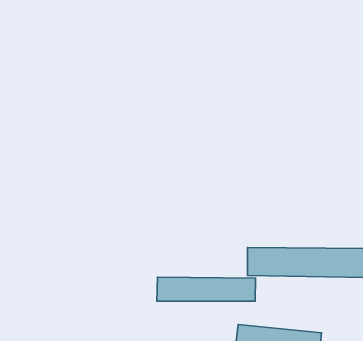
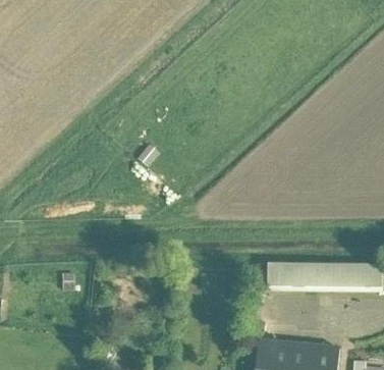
building: [157,277,255,301] -> none

